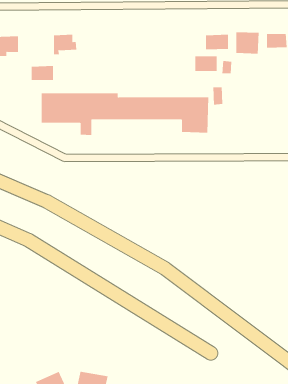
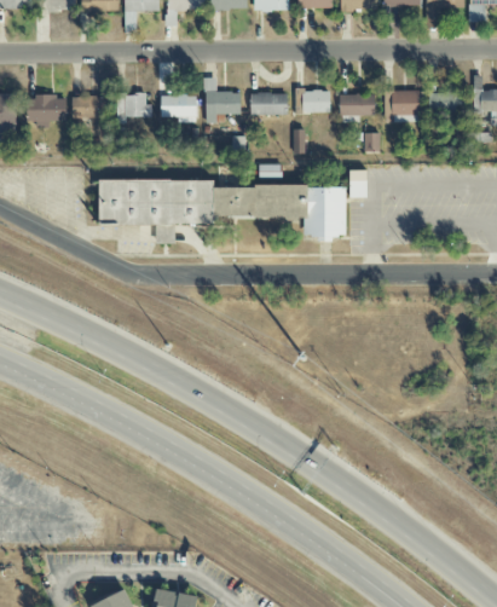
building: none -> [206,77,241,123]
building: none -> [252,92,288,114]
building: none -> [161,94,197,122]
building: [194,56,217,72] -> [296,89,330,112]
building: [31,66,54,80] -> [73,96,106,117]

